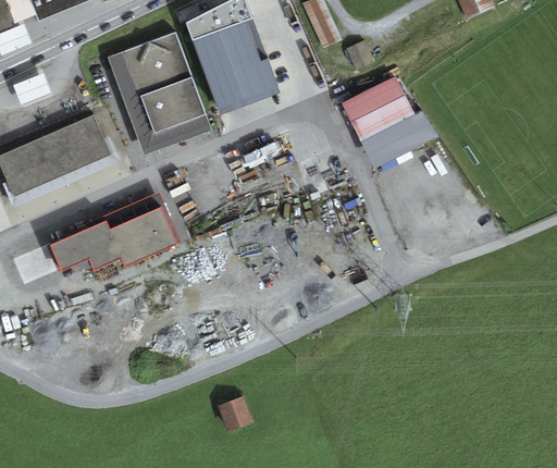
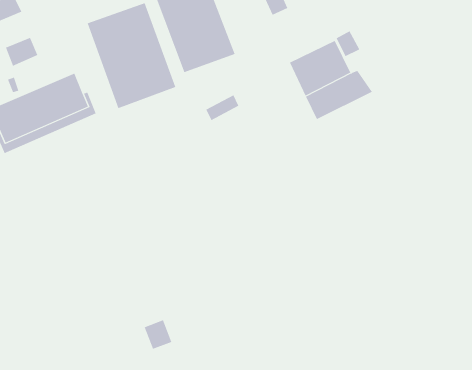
building: [346,38,374,69] -> [336,31,360,57]
building: [50,190,180,270] -> none
building: [219,393,251,428] -> [144,320,172,350]

